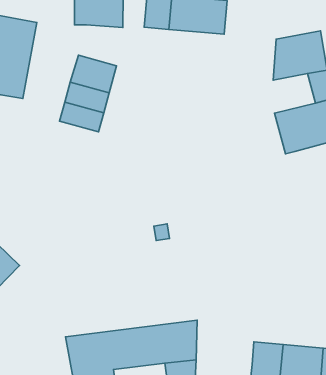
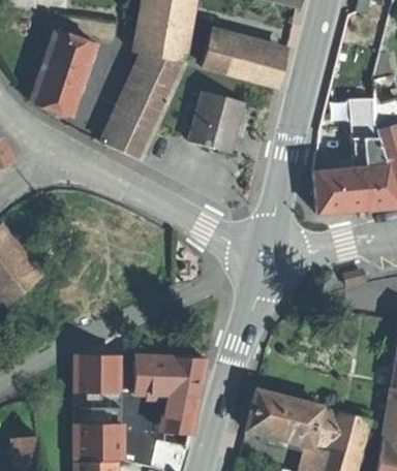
building: none -> [132,54,184,98]
building: none -> [188,90,242,152]

